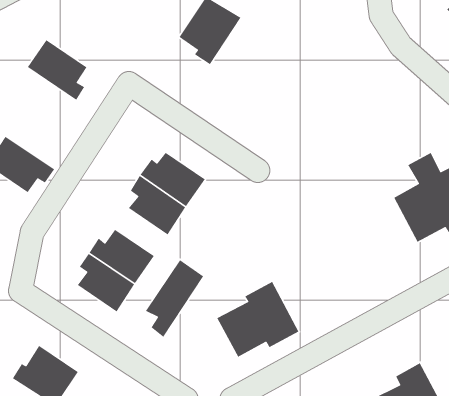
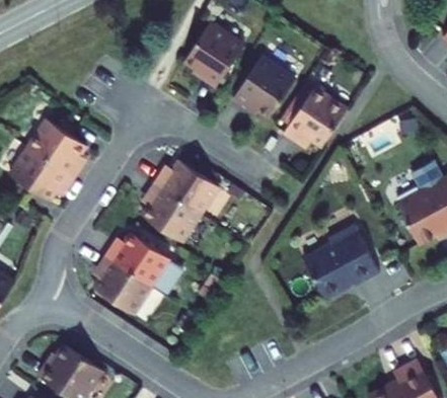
building: none -> [239,51,304,115]
building: [27,39,87,101] -> [29,123,86,180]
building: none -> [289,81,353,142]
building: [145,259,204,338] -> none
building: [216,281,299,358] -> [295,224,373,296]

